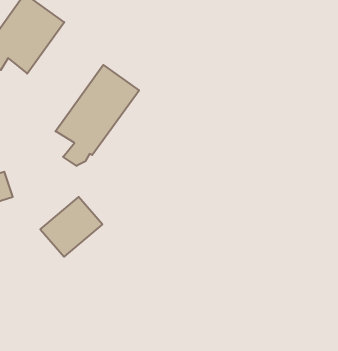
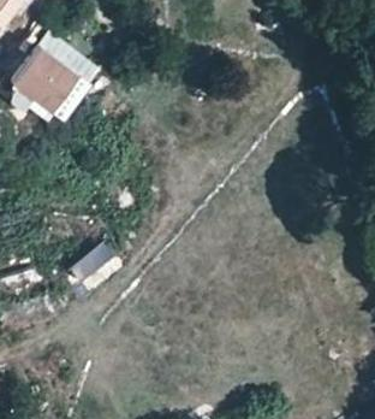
building: [55,65,139,166] -> none

